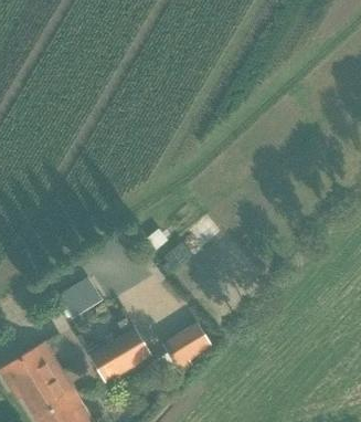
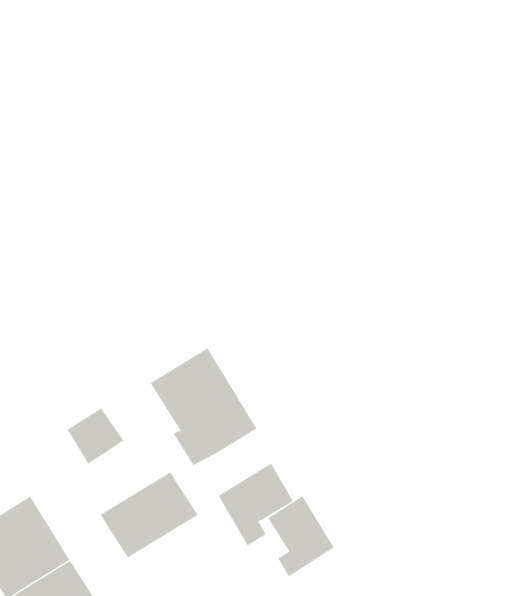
building: none -> [150,348,257,466]
building: none -> [268,496,334,577]

